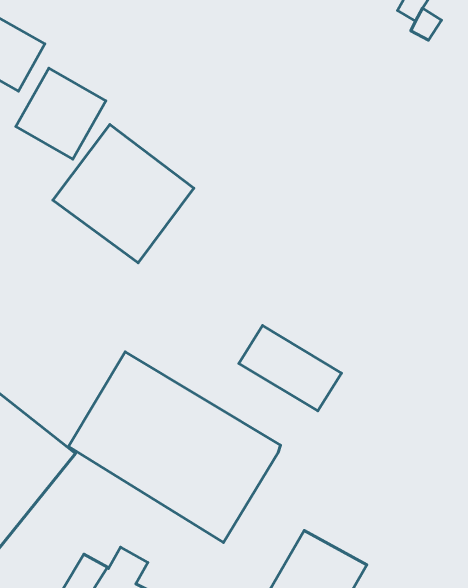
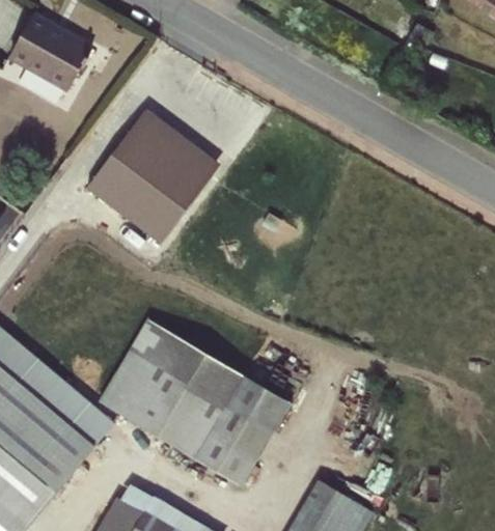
building: [16,68,106,159] -> none
building: [239,326,341,411] -> none

